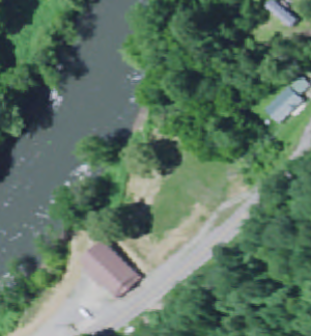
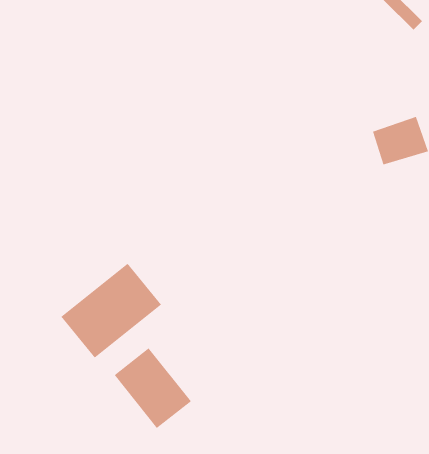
building: none -> [60,263,162,359]

